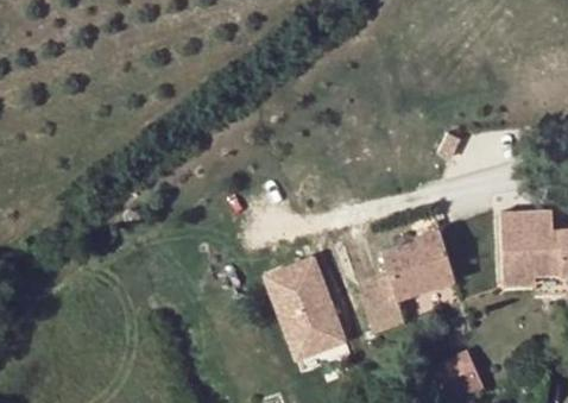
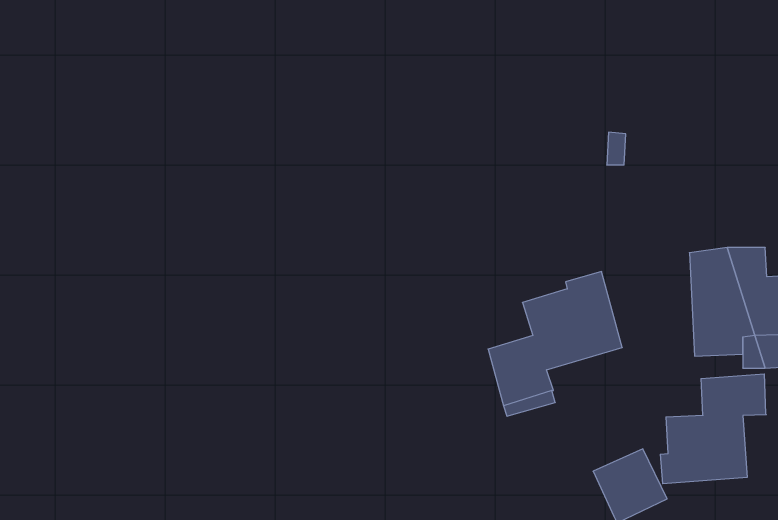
building: [265,256,345,357] -> none
building: none -> [660,374,766,484]

